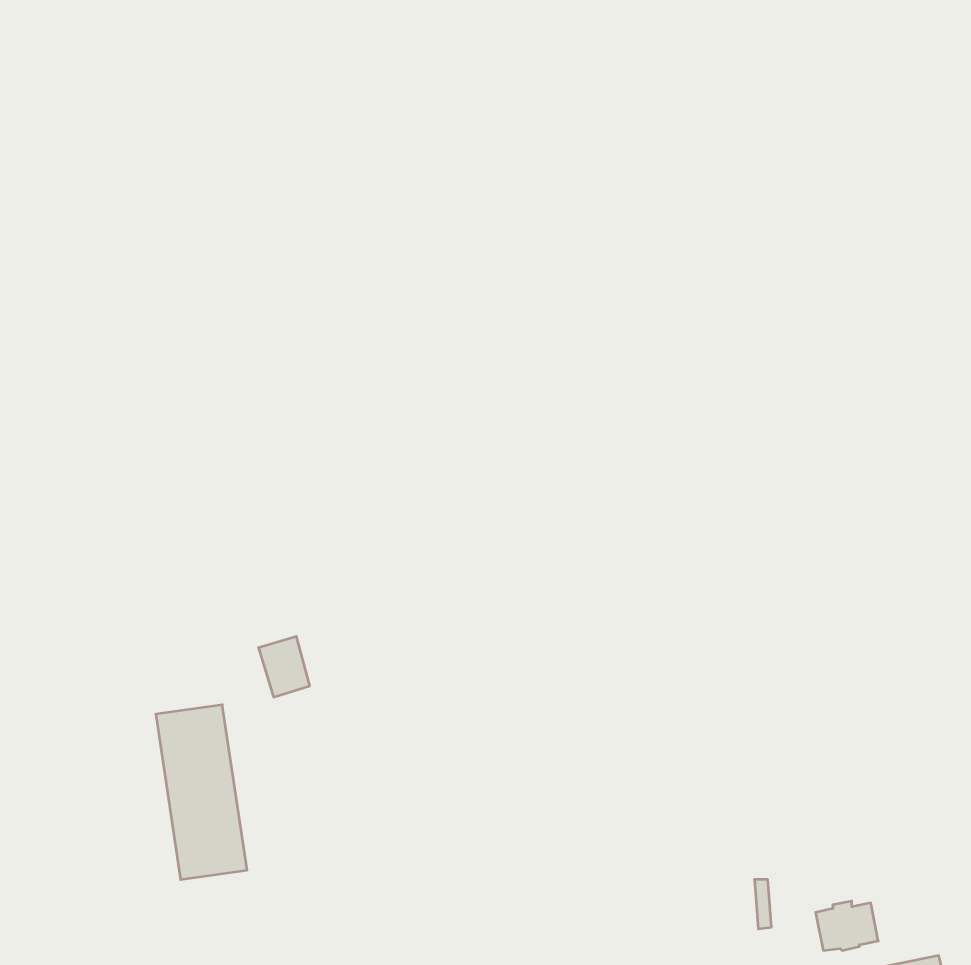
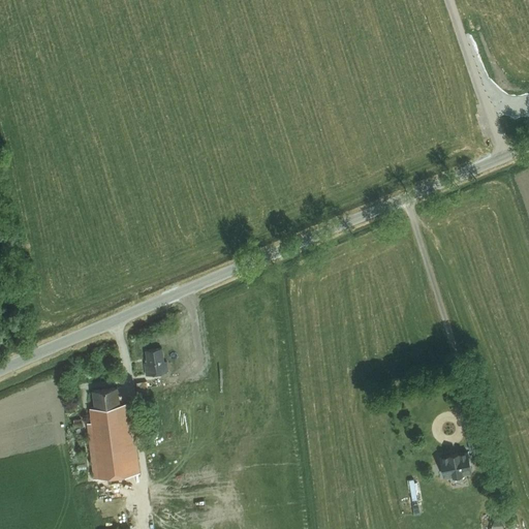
building: [816,901,878,950] -> [437,452,471,478]

